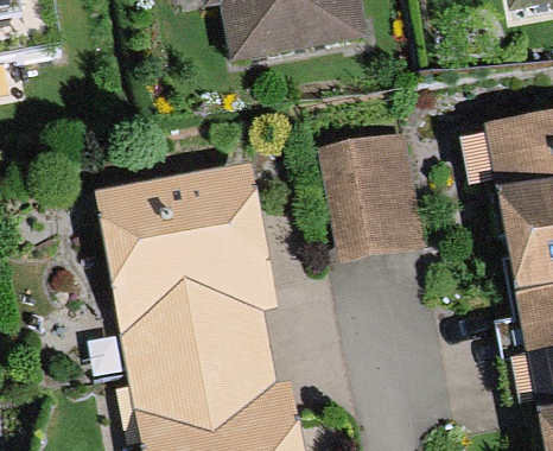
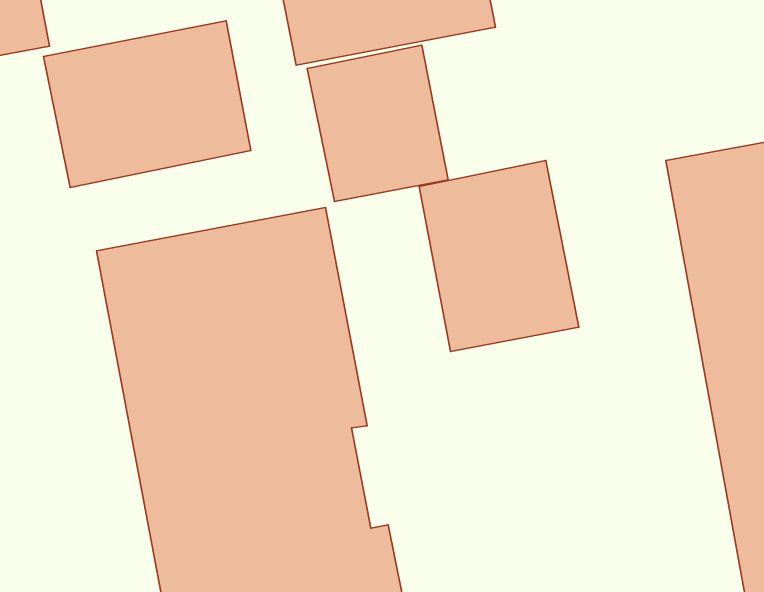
building: none -> [43,21,251,187]
building: none -> [307,45,448,201]

